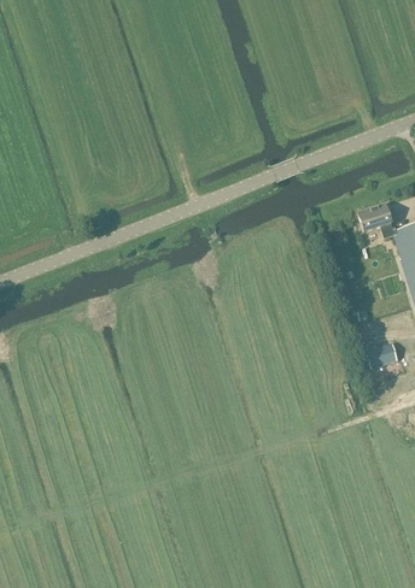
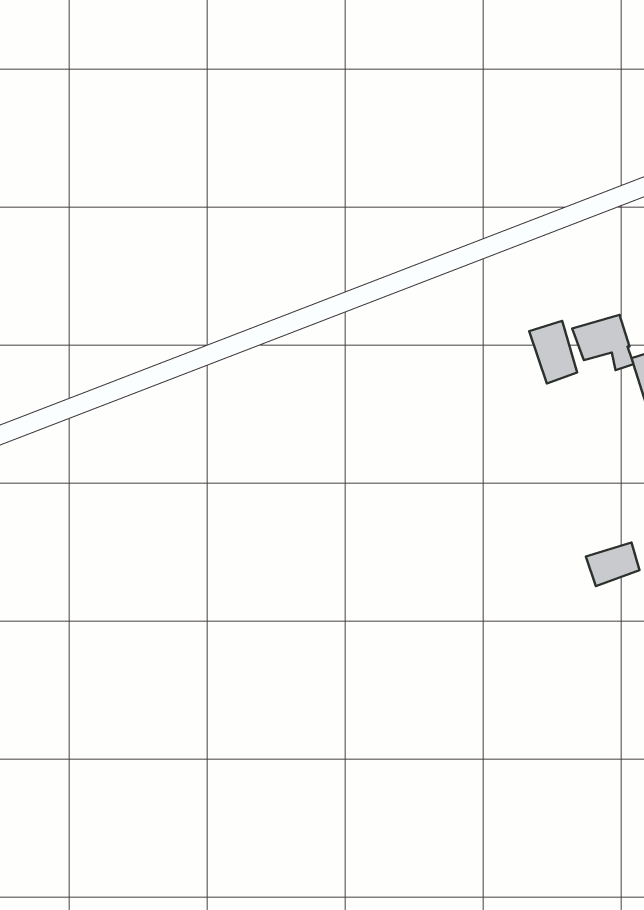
building: none -> [529,321,577,384]

